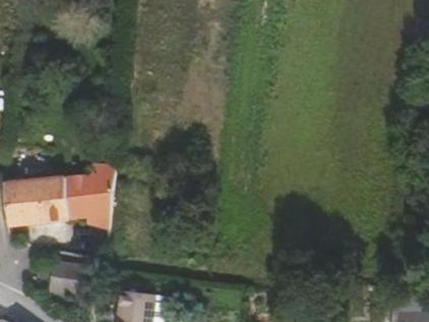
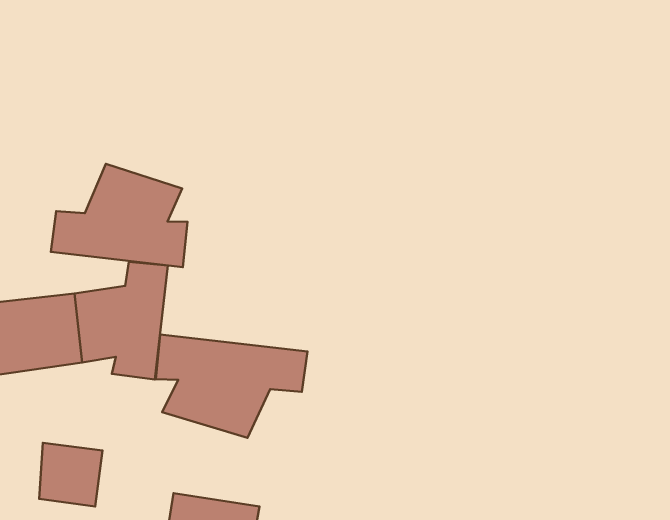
building: none -> [51,164,187,267]
building: none -> [156,334,308,438]

